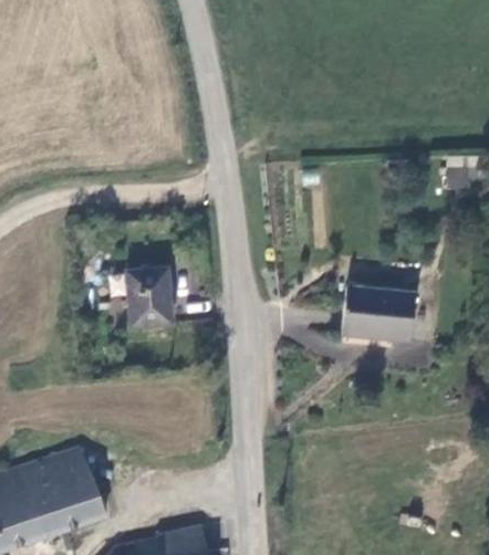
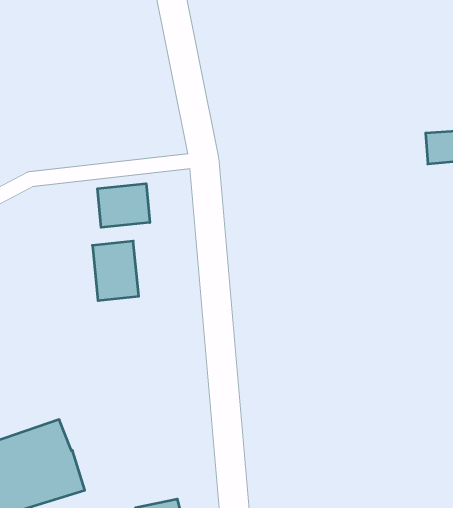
building: none -> [98,184,150,227]
building: [337,286,413,338] -> none

